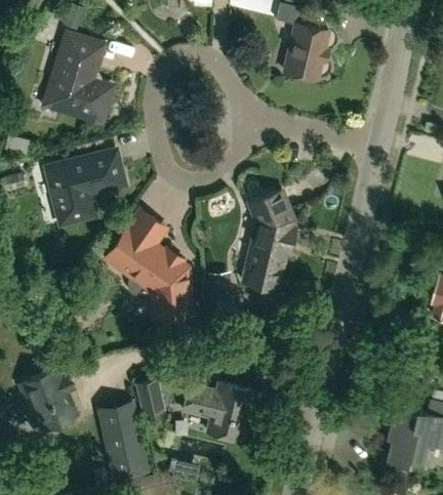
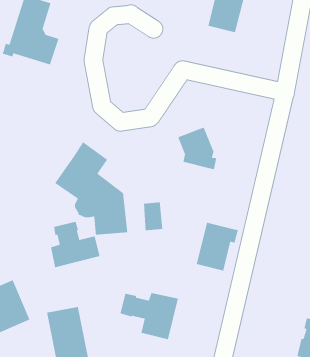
building: [48,150,124,221] -> none
building: [243,232,293,290] -> [196,222,239,271]
building: none -> [50,221,100,268]
building: [133,380,162,418] -> none

